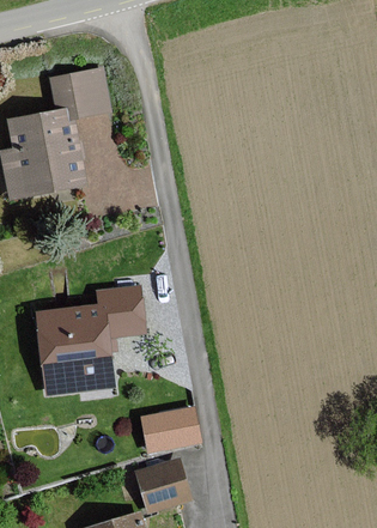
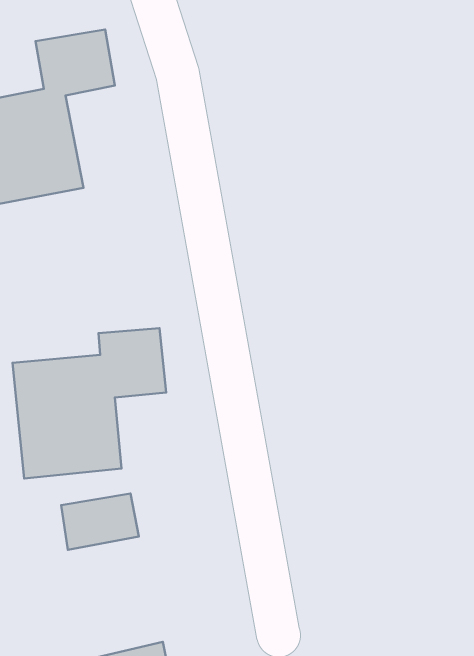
building: [142,408,199,449] -> [61,494,139,550]
building: [141,460,193,511] -> none

